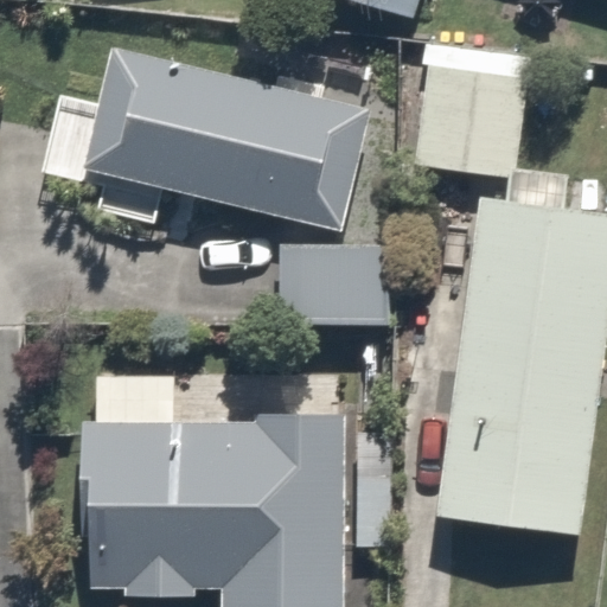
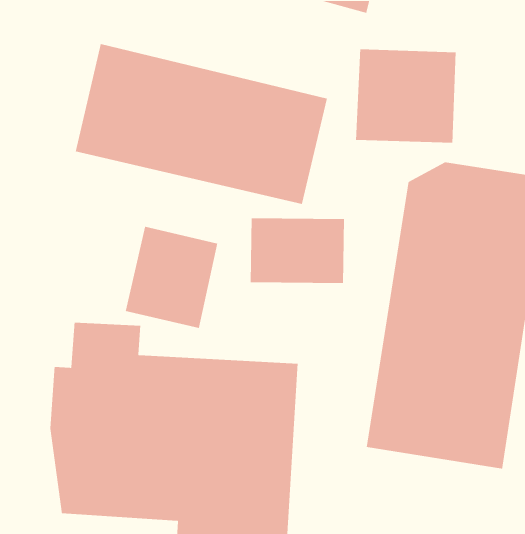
building: none -> [125,226,218,329]

